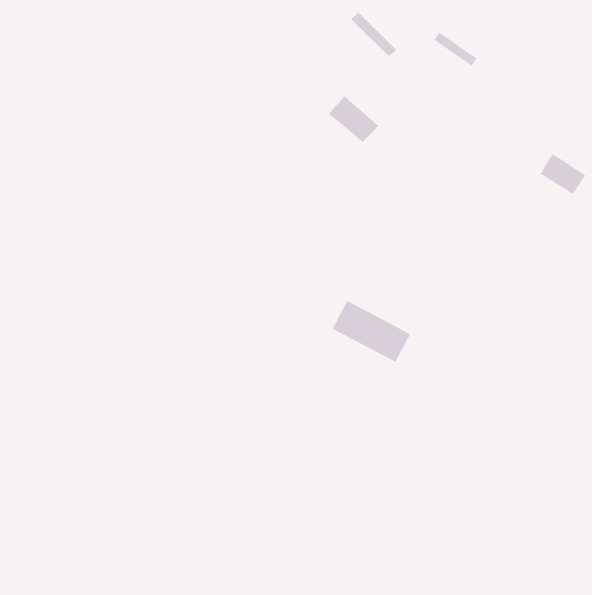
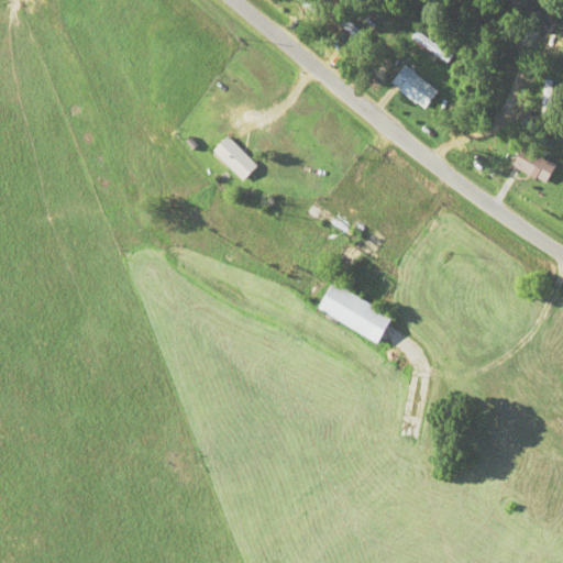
building: [328,95,379,143] -> [390,65,439,110]
building: none -> [212,136,257,181]

